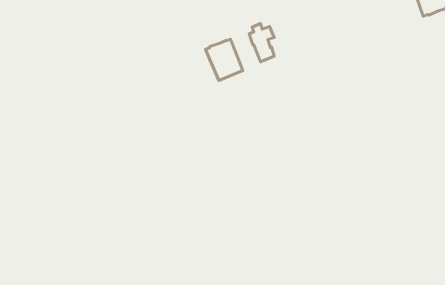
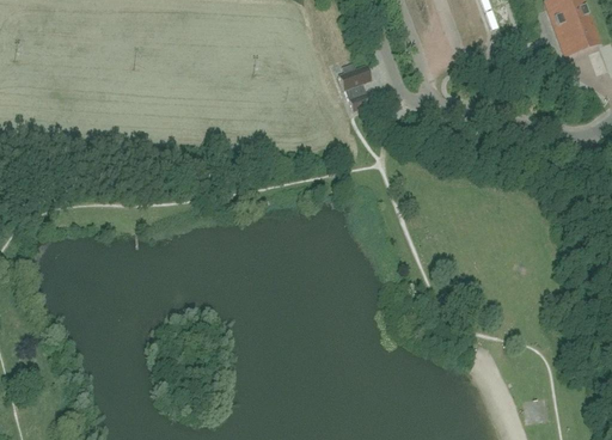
building: [205,39,243,81] -> none

